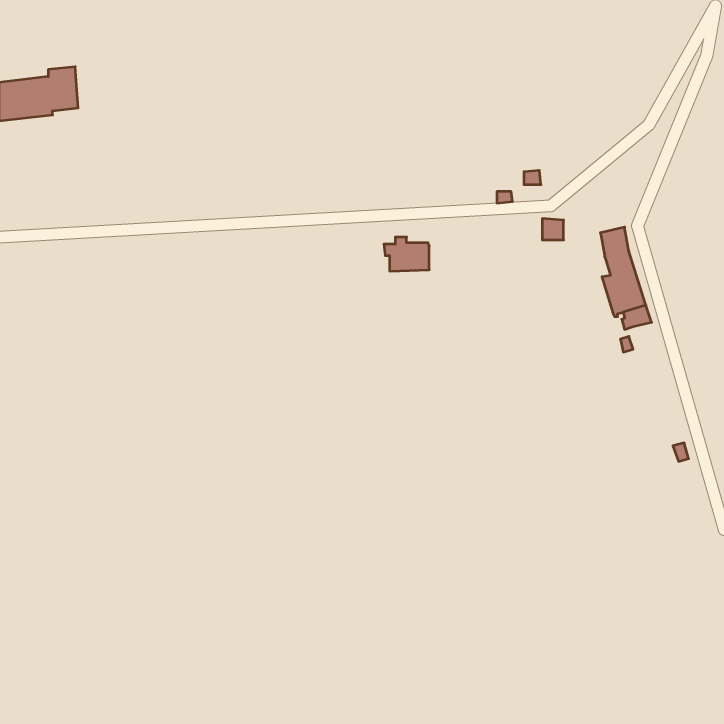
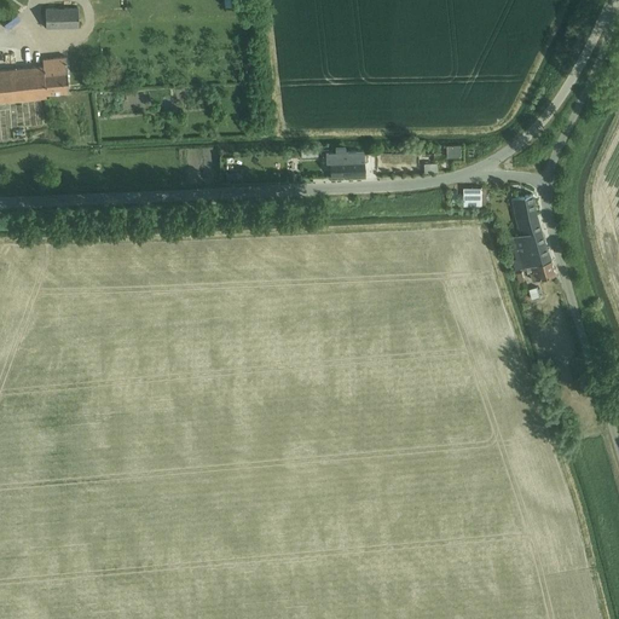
building: none -> [44,8,77,29]
building: [384,237,429,271] -> [324,149,363,178]

